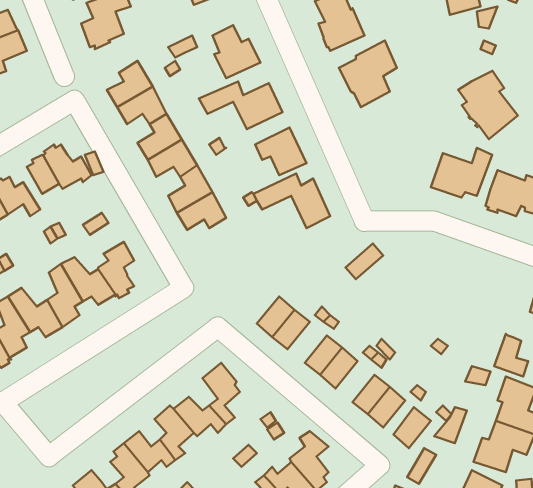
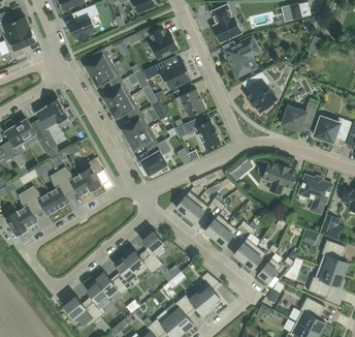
building: [458,71,518,139] -> [241,71,278,113]
building: none -> [140,140,169,175]
building: none -> [262,162,296,194]
building: none -> [298,175,332,213]

